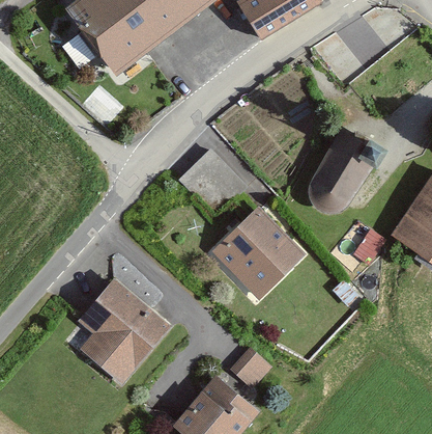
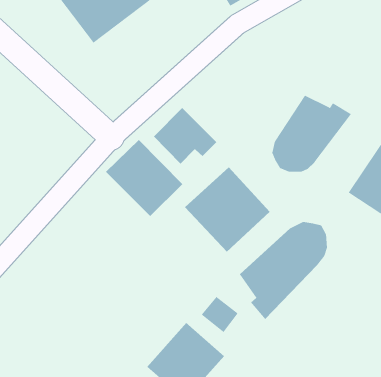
building: none -> [105,139,183,217]
building: none -> [239,221,328,320]
building: [64,277,174,390] -> none

